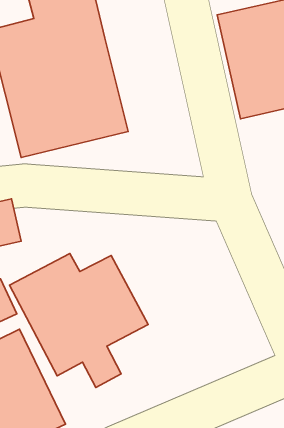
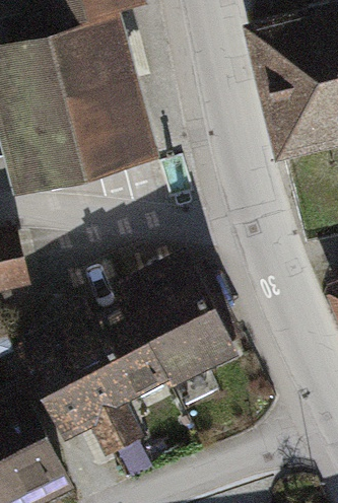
building: none -> [125,255,240,389]

